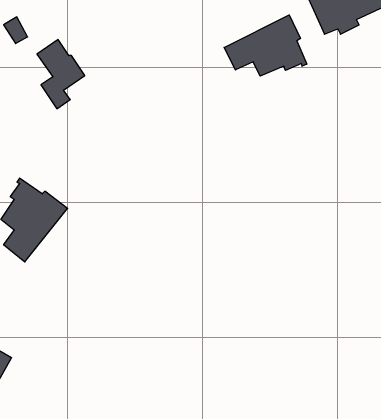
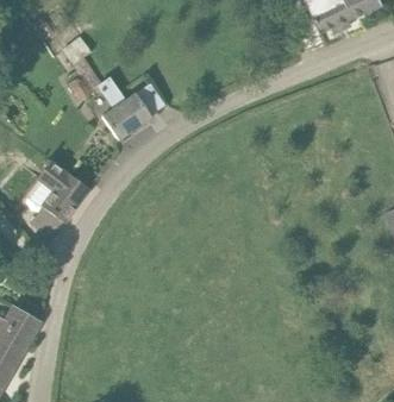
building: [224,15,307,76] -> none
building: none -> [99,77,154,139]

